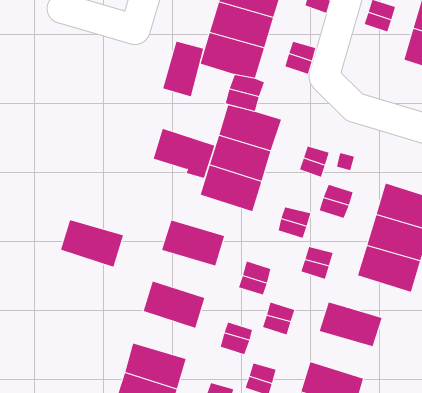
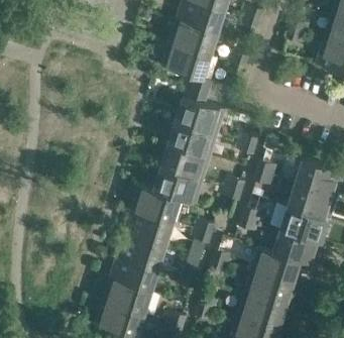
building: [162,41,204,97] -> none
building: [153,128,215,179] -> [154,168,202,207]
building: [60,219,124,267] -> [125,211,174,247]
building: none -> [273,230,323,268]
building: none -> [110,257,158,294]
building: none -> [245,272,294,309]

